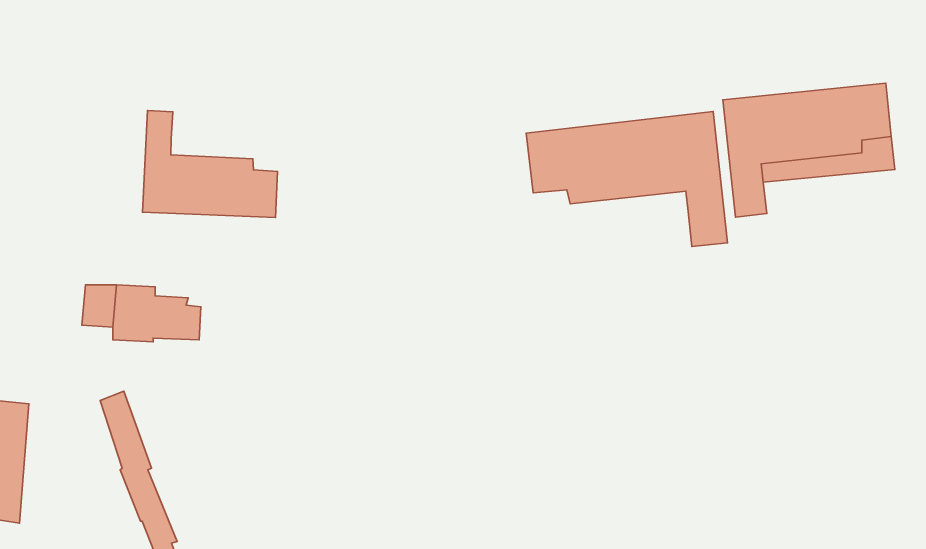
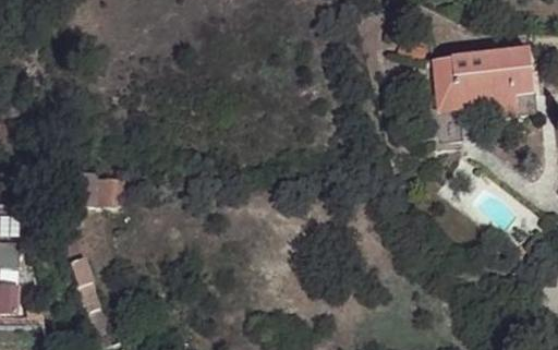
building: [143,110,278,218] -> none
building: [526,111,728,247] -> none

